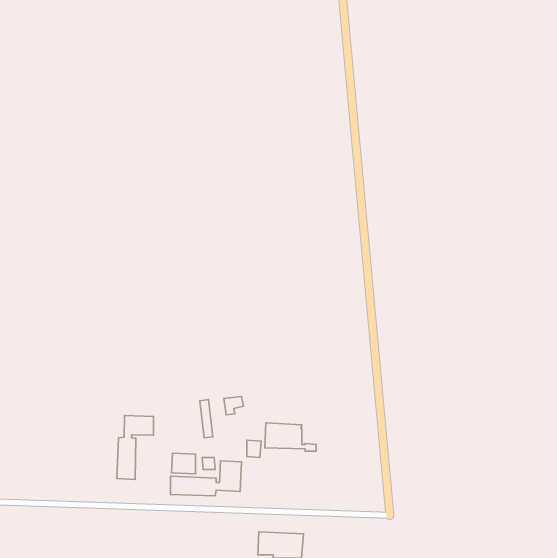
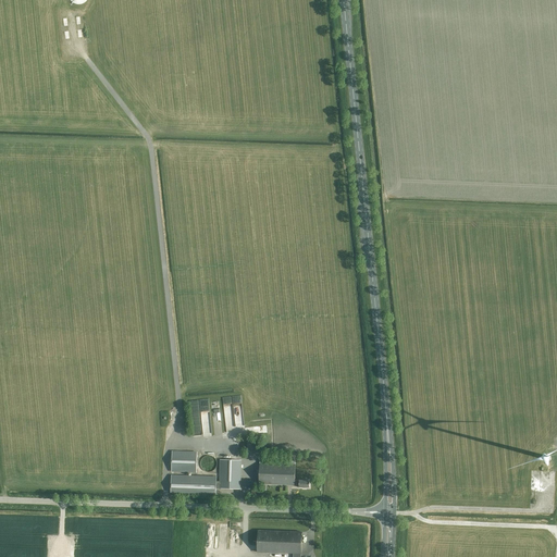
building: [117,415,154,480] -> none
building: [265,423,316,451] -> [258,459,309,487]

